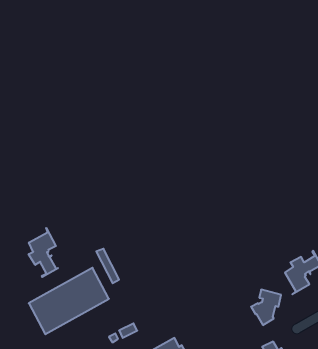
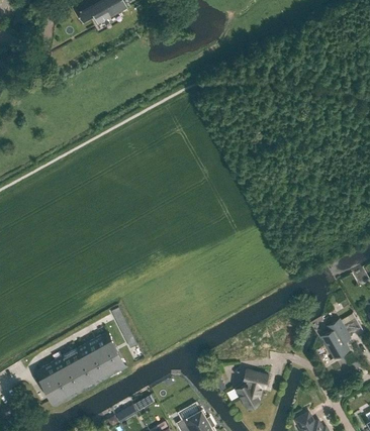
building: [29,228,58,277] -> none
building: [251,290,281,325] -> [235,369,268,409]

